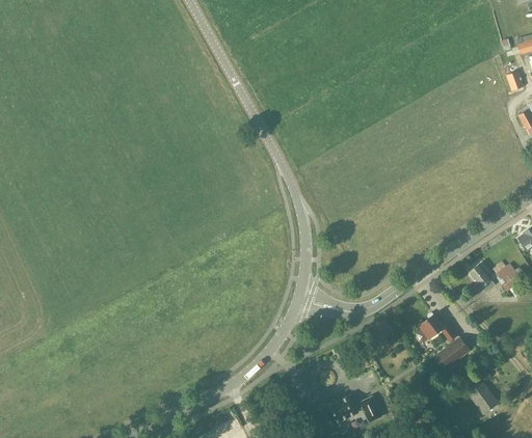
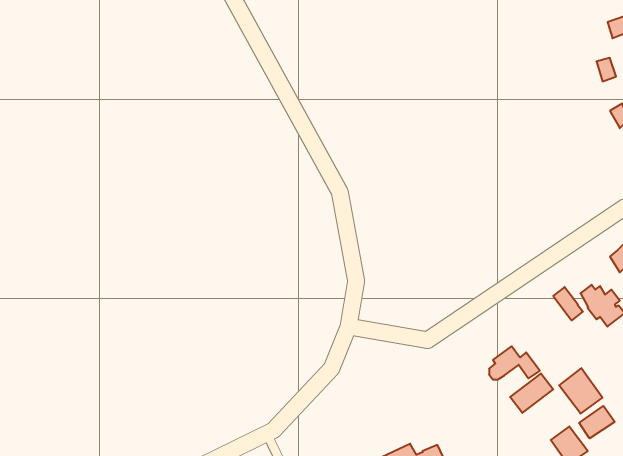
building: none -> [559,368,602,414]
building: none -> [579,406,615,438]

